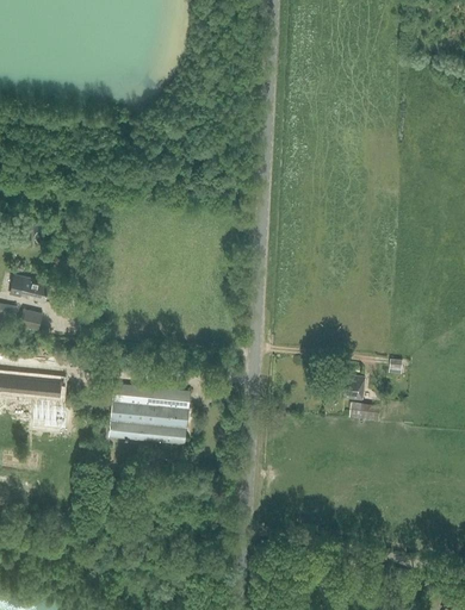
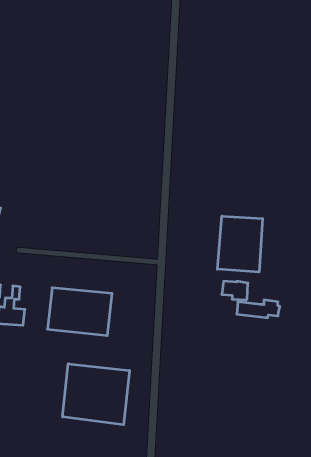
building: none -> [217,216,263,272]
building: none -> [63,364,129,425]

